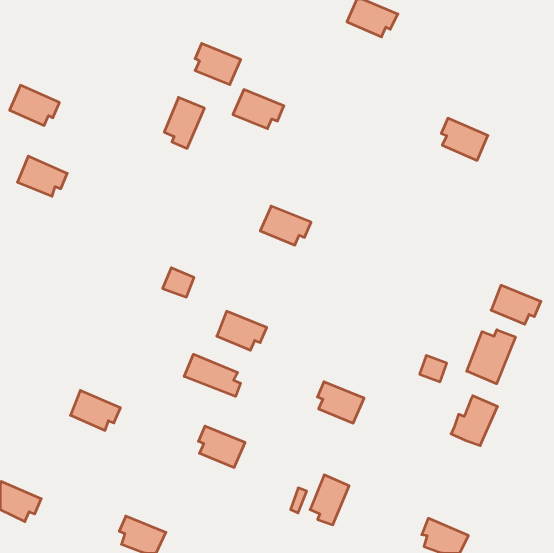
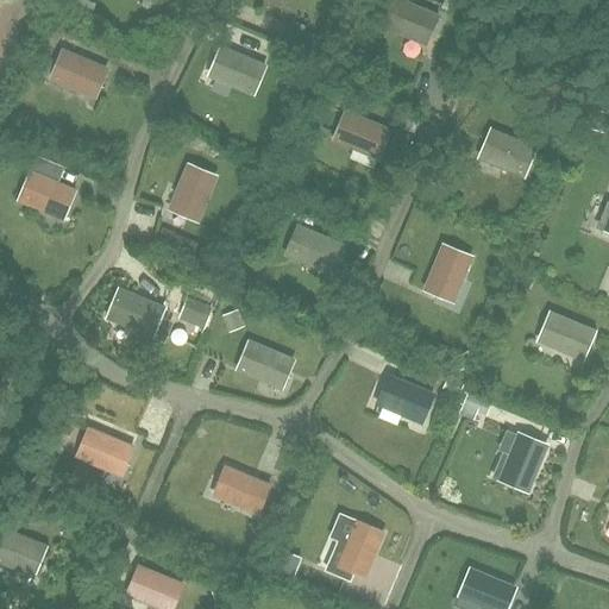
building: [10,85,59,125] -> [51,50,106,94]
building: [233,90,284,129] -> [333,112,389,155]
building: [164,97,204,148] -> [172,164,216,220]
building: none -> [425,245,471,295]
building: none -> [113,289,172,340]
building: [467,330,515,384] -> none
building: [184,354,241,396] -> none
building: [317,382,364,423] -> [382,376,433,421]

